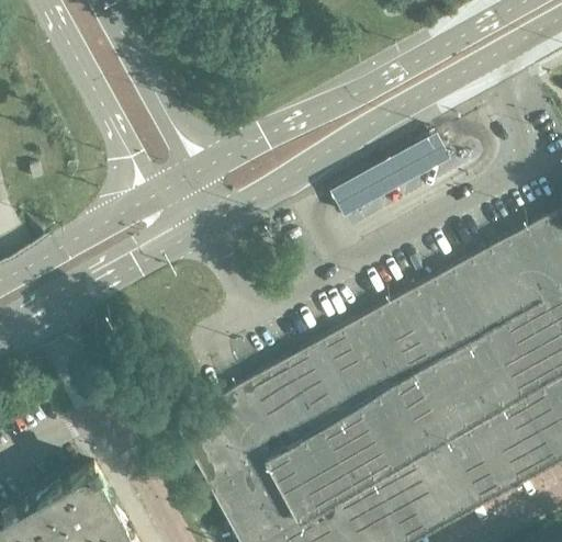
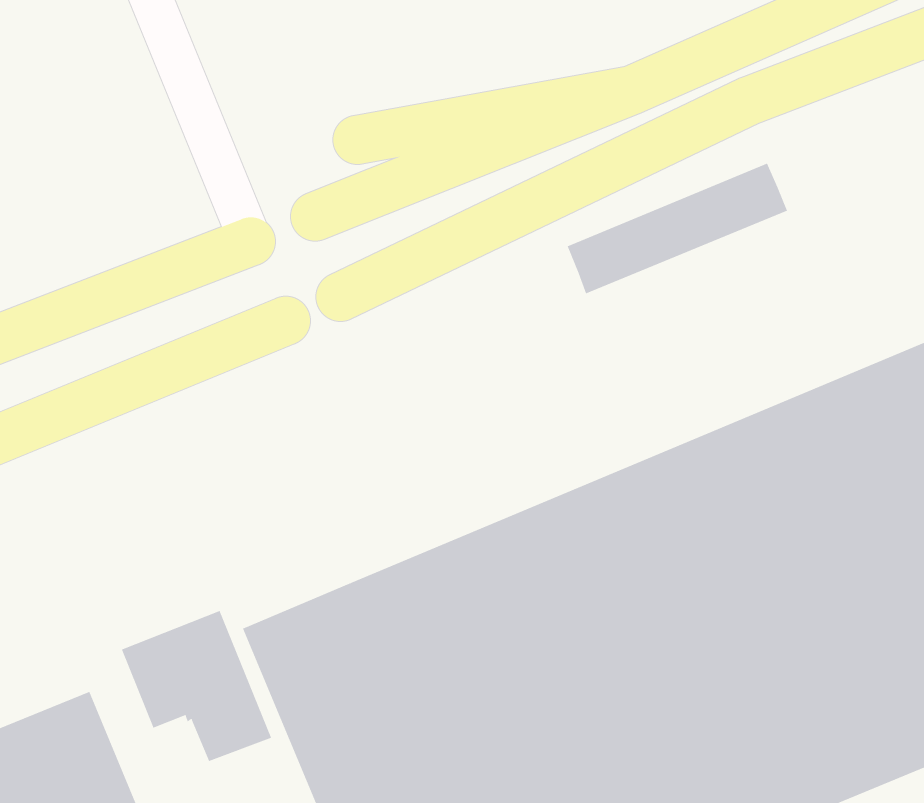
building: none -> [121,610,272,762]

